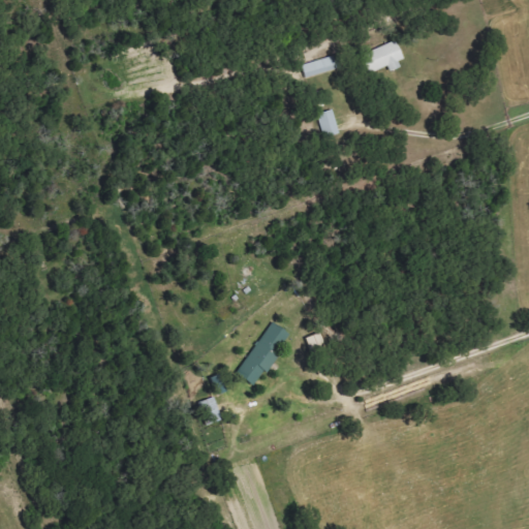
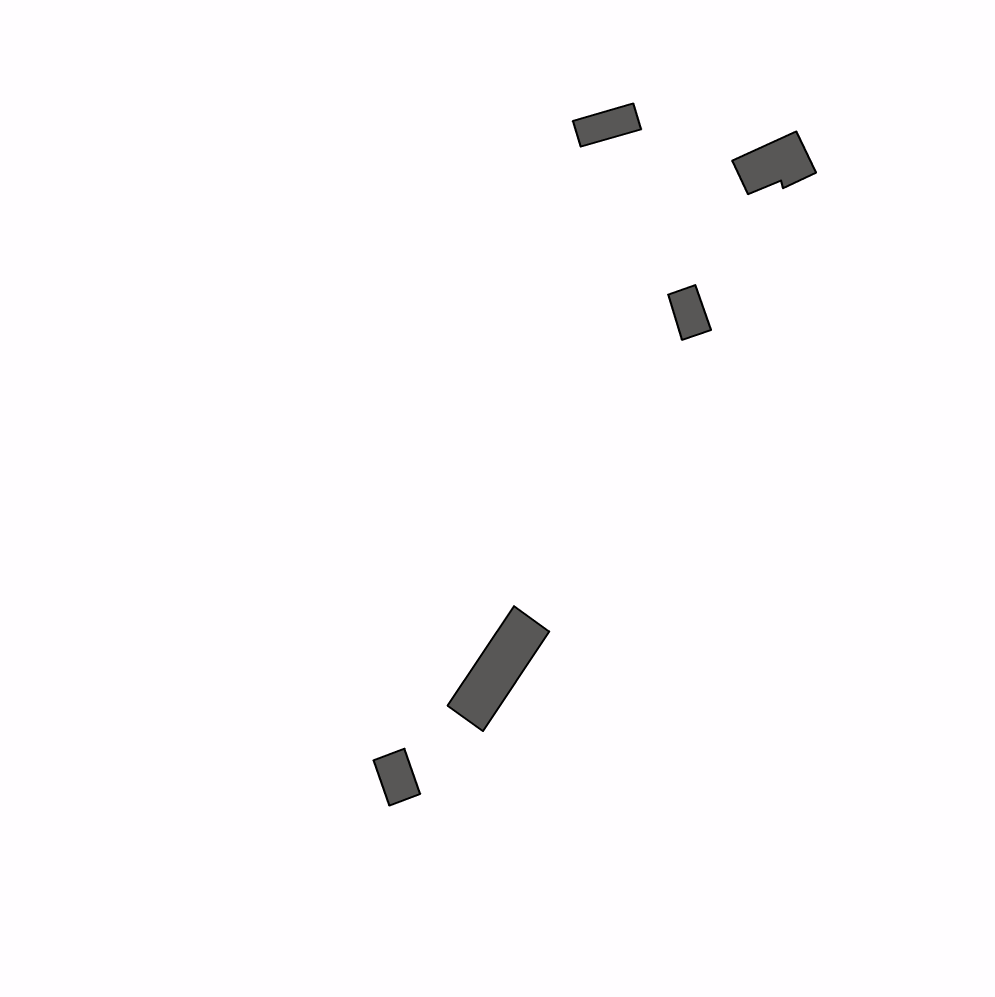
building: [362,39,406,72] -> [732,132,816,194]
building: [317,108,340,137] -> [668,285,711,340]

